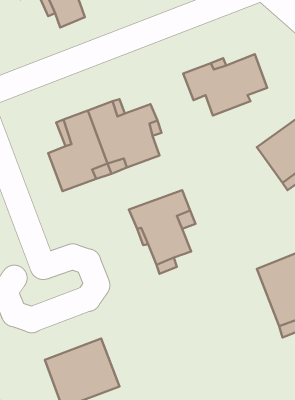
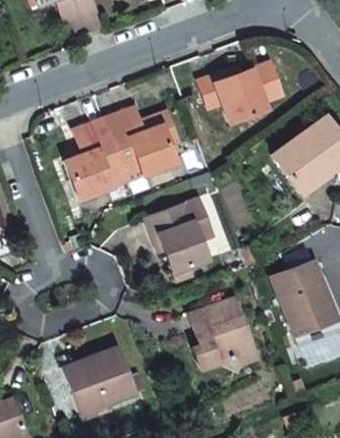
building: none -> [189,297,256,367]

